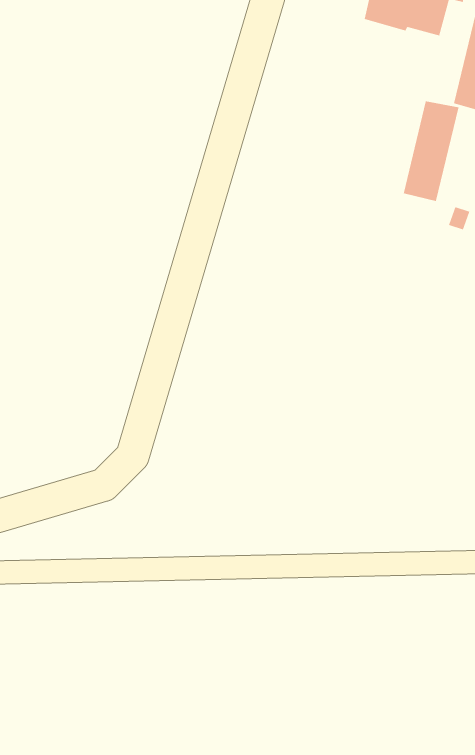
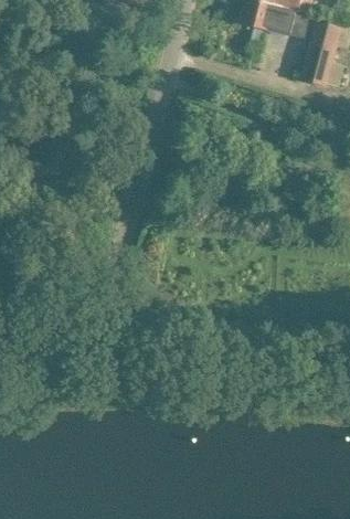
building: [403,101,459,202] -> none

